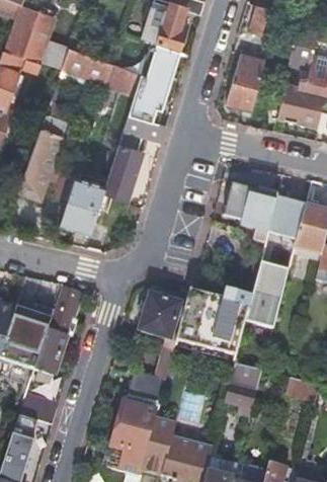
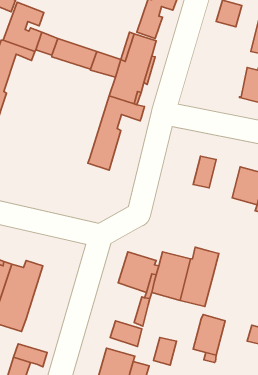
building: [226,59,264,109] -> none
building: [19,102,67,198] -> none
building: [59,176,105,233] -> none
building: [241,187,277,242] -> none
building: [246,261,289,328] -> none
building: [32,285,78,376] -> none

